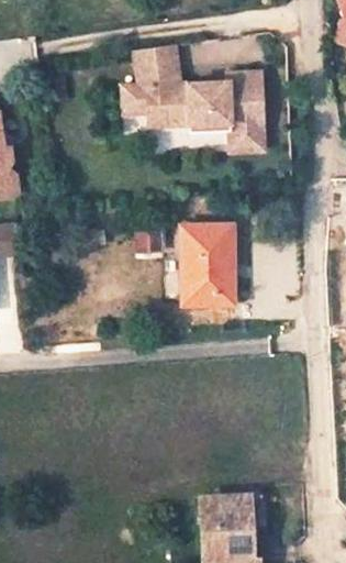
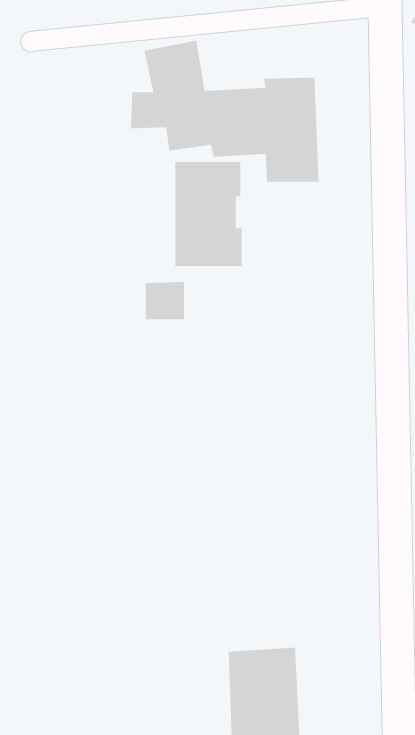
building: [181,228,232,306] -> [175,161,243,266]

